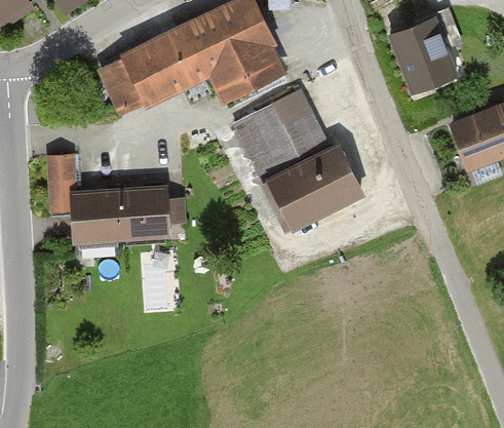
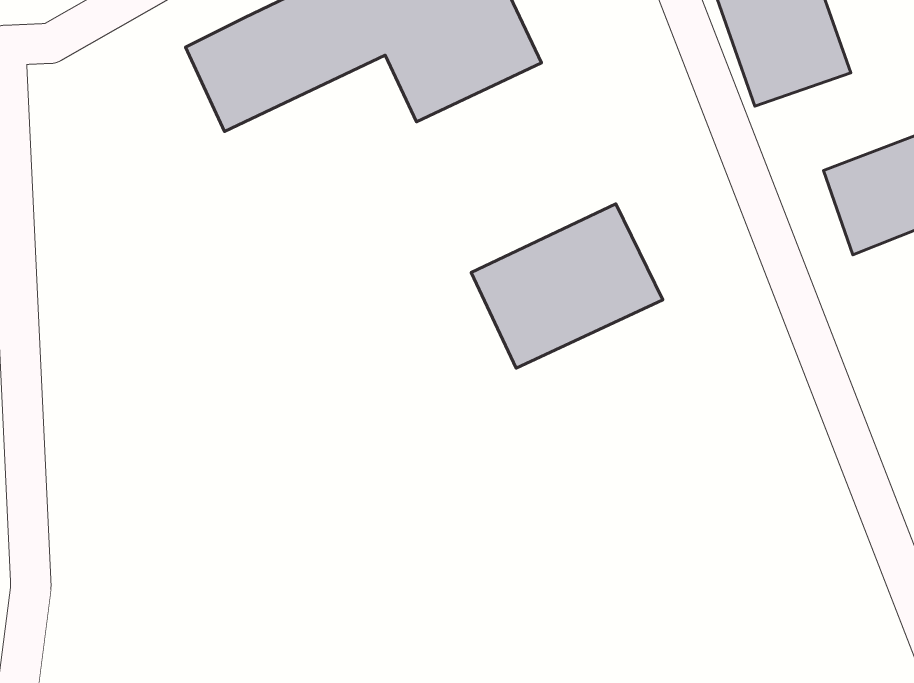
building: [226,95,332,185] -> none
building: [49,157,173,239] -> none

